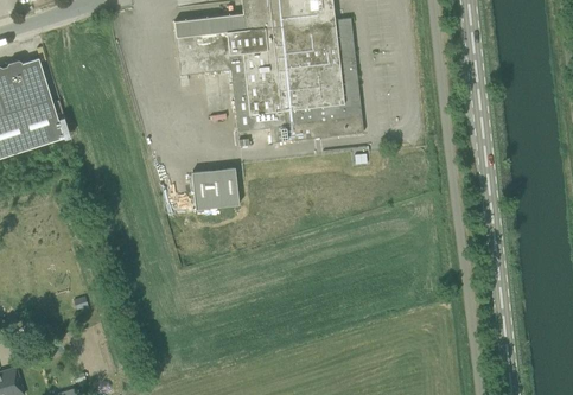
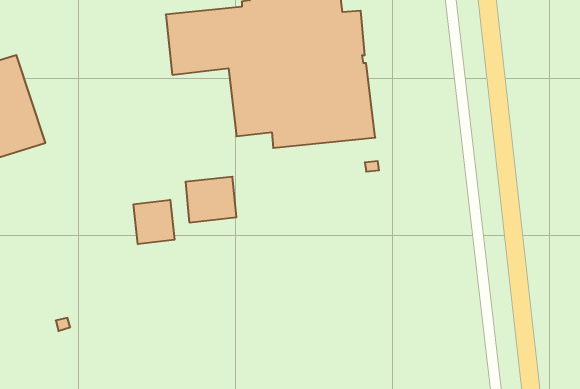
building: none -> [134,200,175,244]

